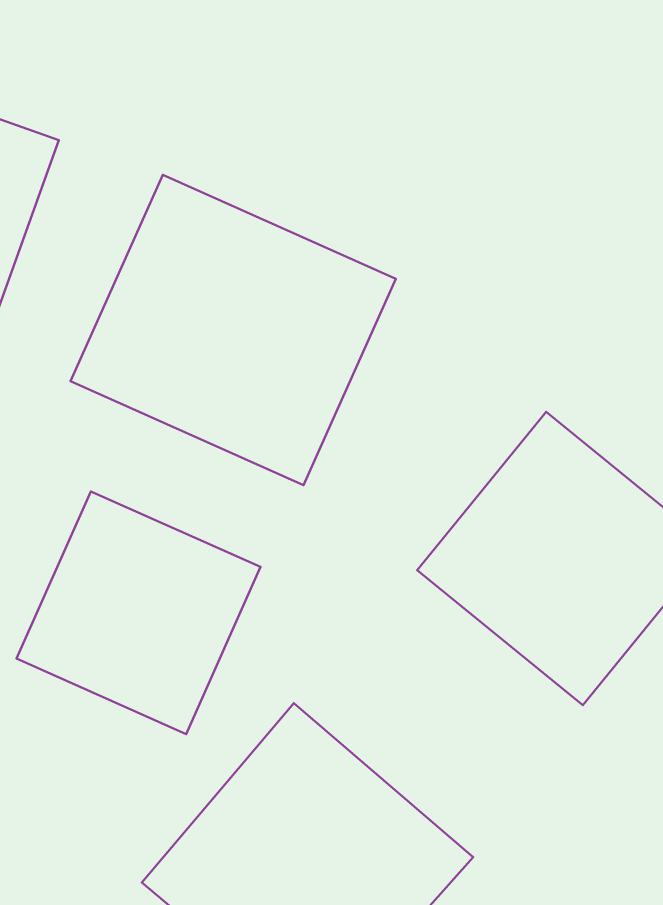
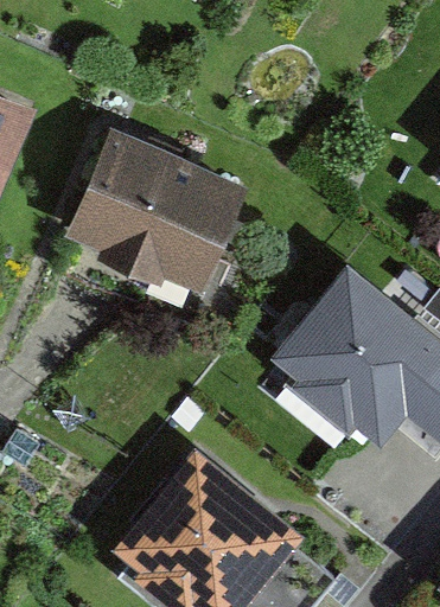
building: [16,491,261,734] -> none

